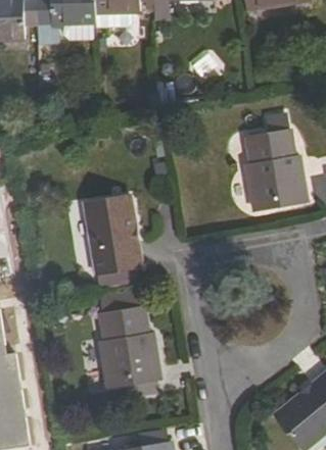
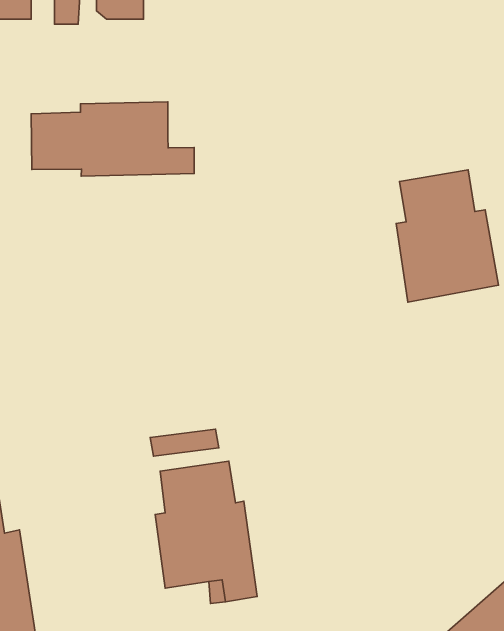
building: none -> [31,102,194,176]
building: [85,198,139,287] -> none

